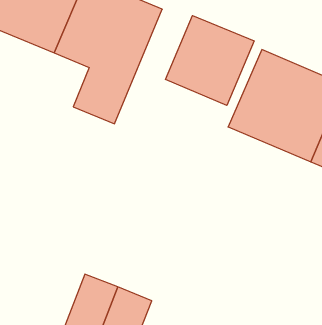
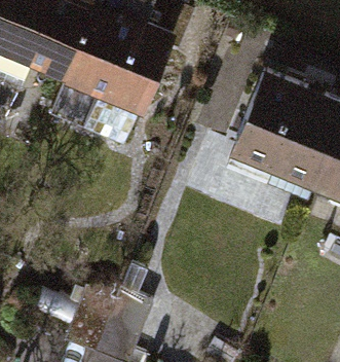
building: [166,16,254,105] -> none

